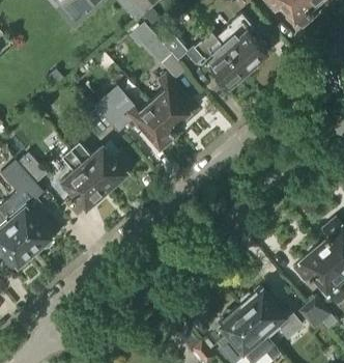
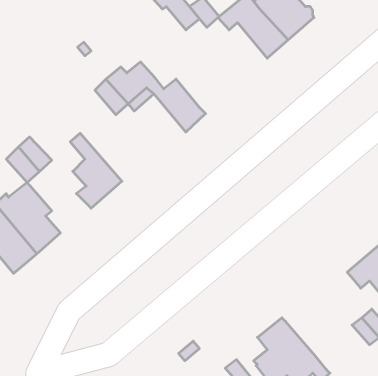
building: [151,75,194,128] -> none
building: [70,142,133,190] -> none
building: [240,287,305,338] -> none

